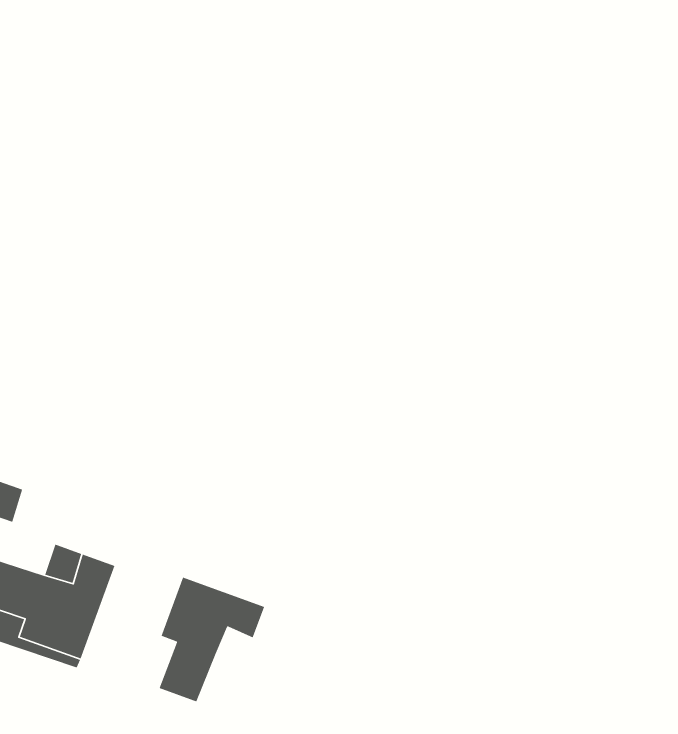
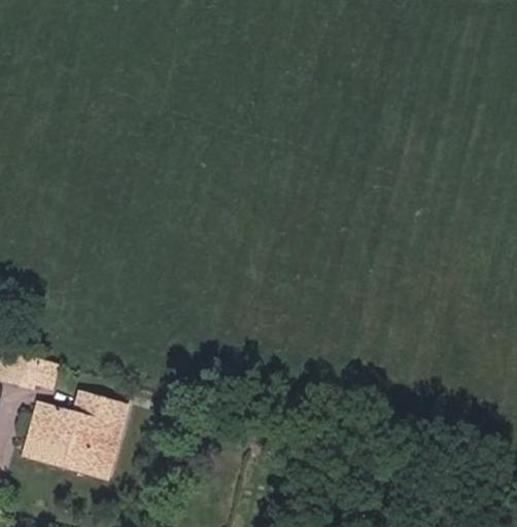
building: [158,577,265,702] -> none

